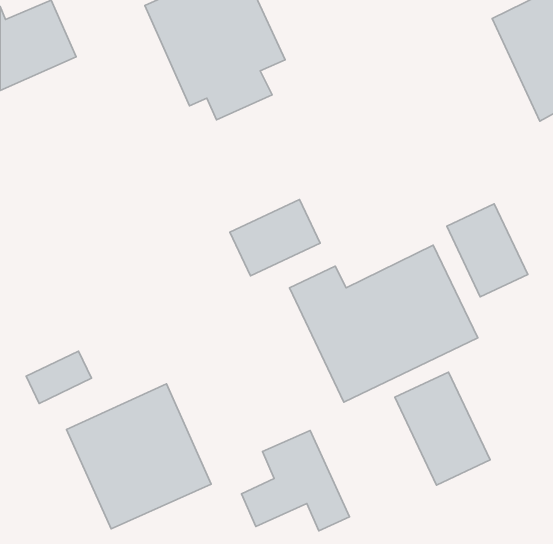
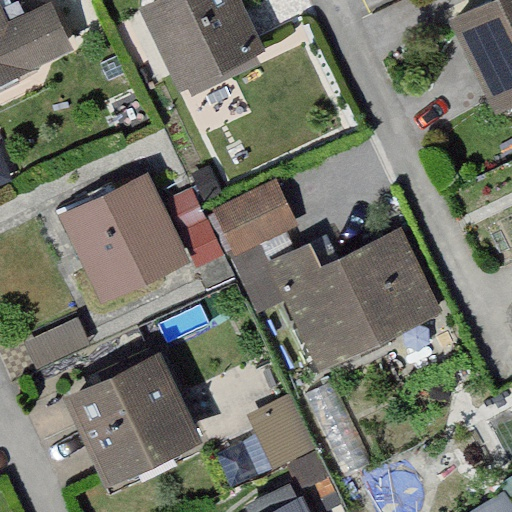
building: none -> [58,175,216,305]
building: [447,204,528,297] -> none
building: [395,372,490,485] -> none

